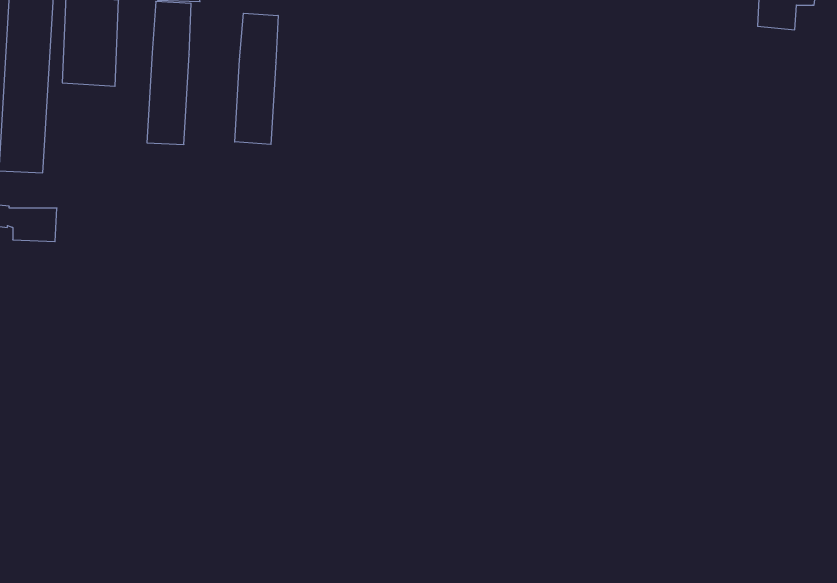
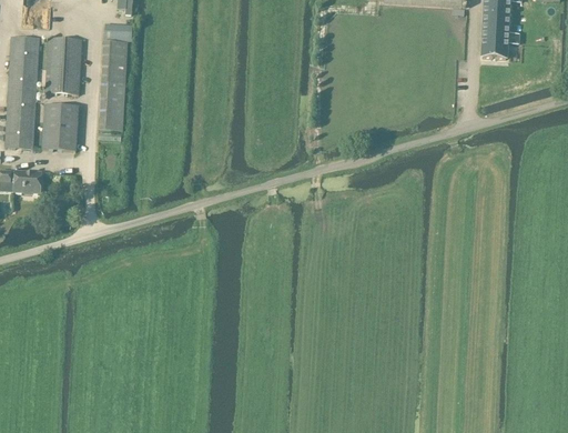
building: [235,13,278,144] -> none
building: none -> [42,103,79,150]

